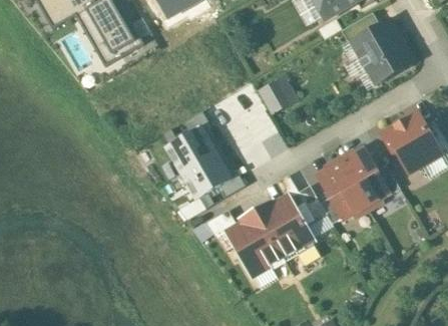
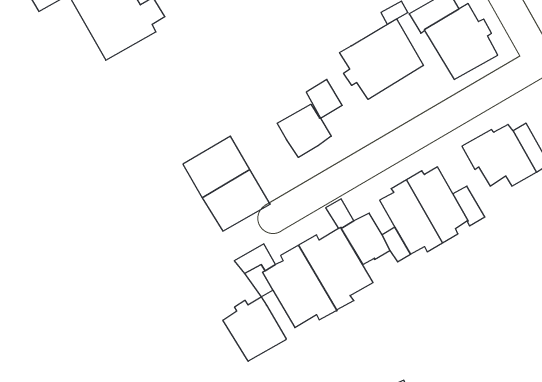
building: none -> [340,19,423,99]
building: none -> [277,104,331,157]
building: none -> [223,297,286,361]

